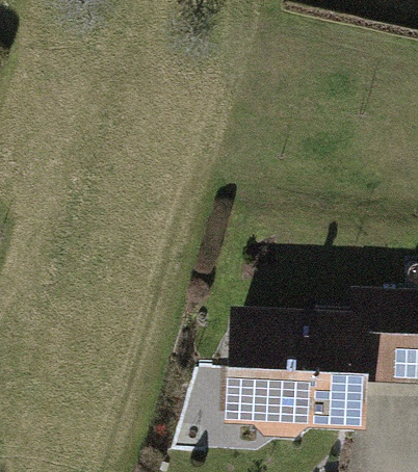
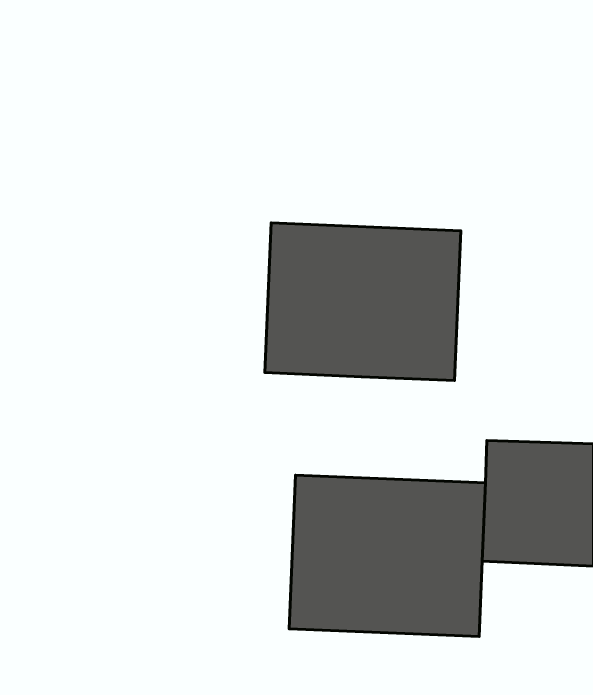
building: none -> [265,223,461,381]

